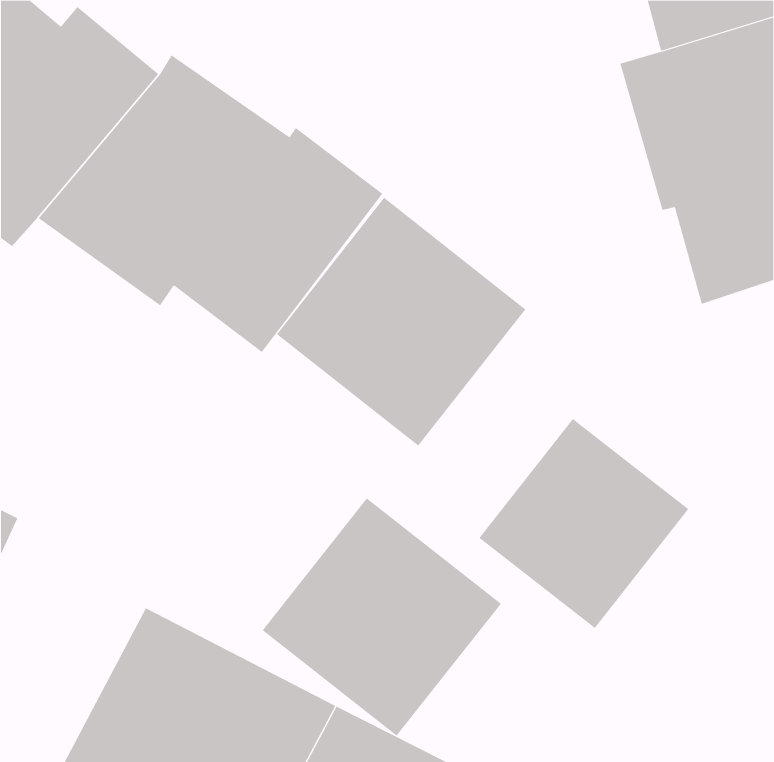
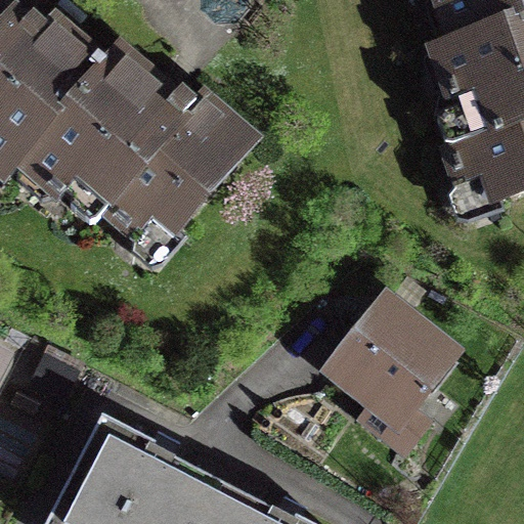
building: [276,197,526,447] -> none
building: [262,498,502,736] -> none

